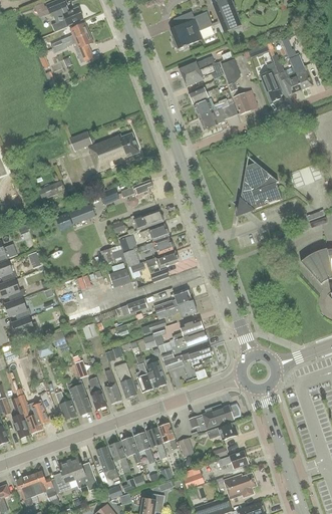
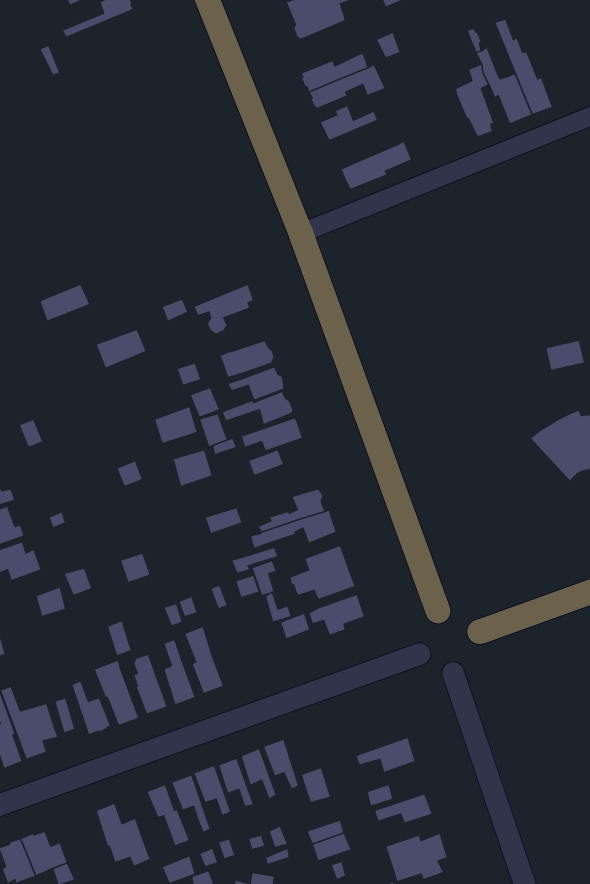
building: [52,32,93,62] -> none
building: [221,58,257,113] -> none
building: [193,97,229,117] -> none
building: [69,131,138,172] -> none
building: [238,162,282,214] -> none
building: [135,354,165,392] -> none
building: [189,402,241,430] -> none
building: [54,460,74,491] -> none

